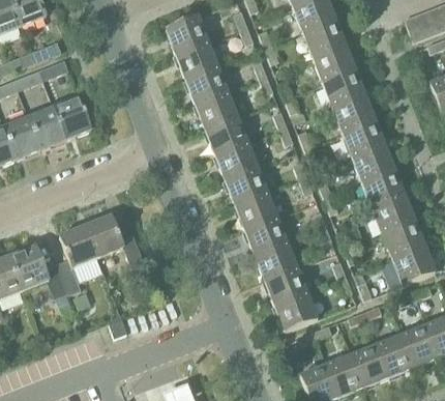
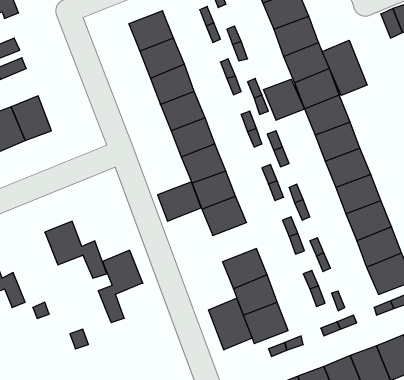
building: none -> [322,40,367,95]
building: none -> [264,79,304,120]
building: [245,216,287,253] -> [158,182,201,221]
building: [56,225,98,293] -> [98,251,143,323]
building: none -> [208,298,252,350]

